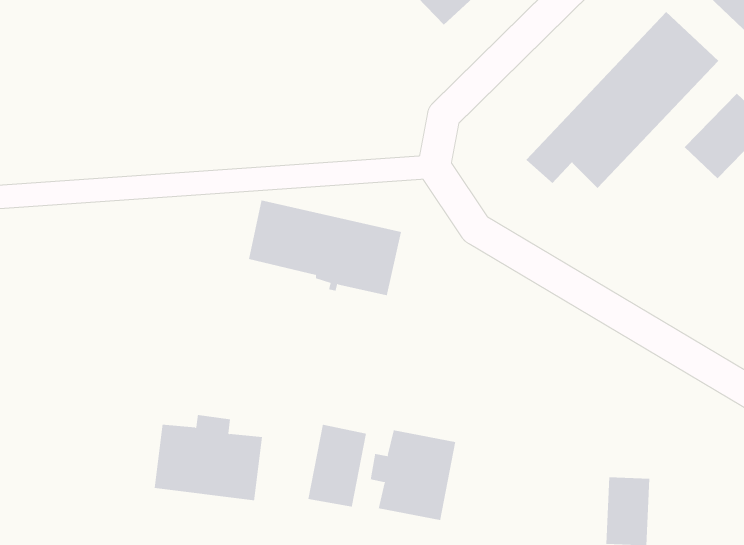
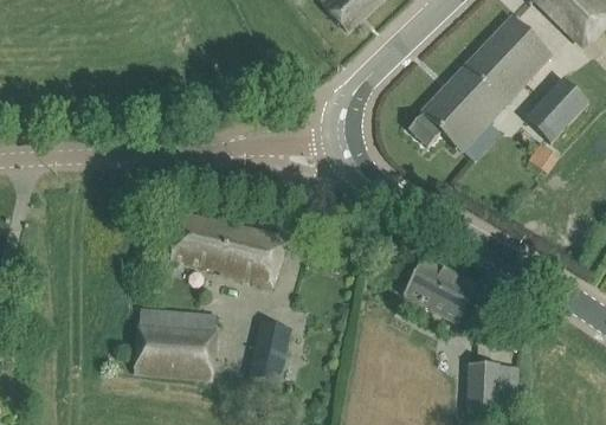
building: [248,200,402,296] -> [173,212,286,283]
building: none -> [404,255,479,323]
building: [370,429,456,521] -> none

